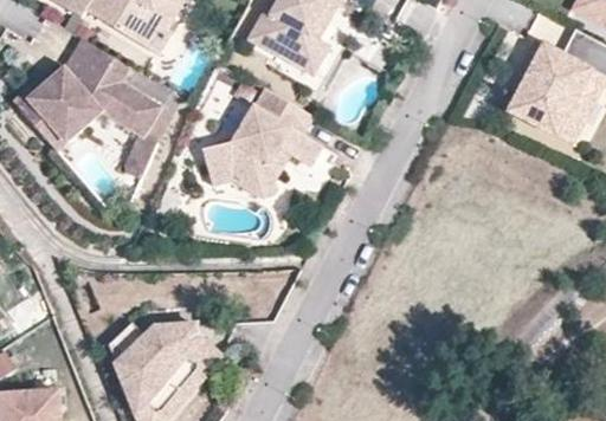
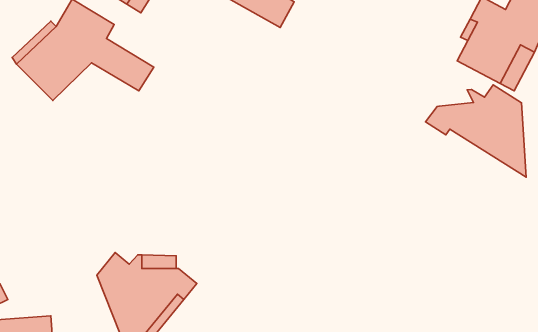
building: [204,90,321,200] -> none
building: none -> [426,85,526,177]

